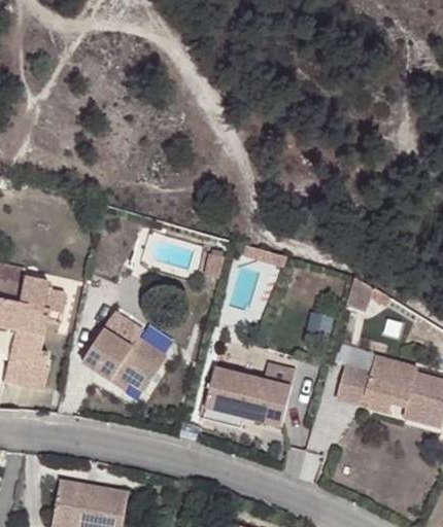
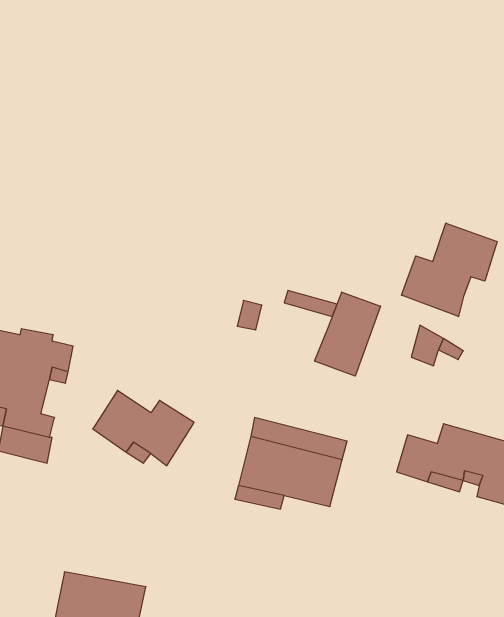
building: none -> [401,223,497,317]
building: none -> [315,292,381,376]

